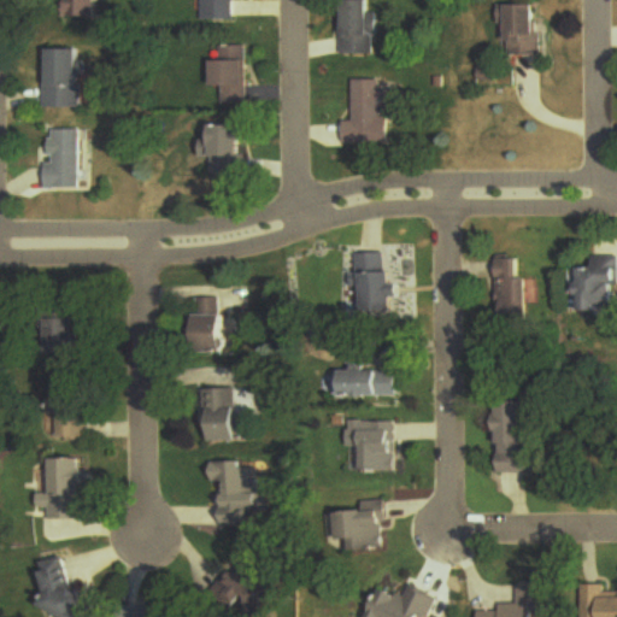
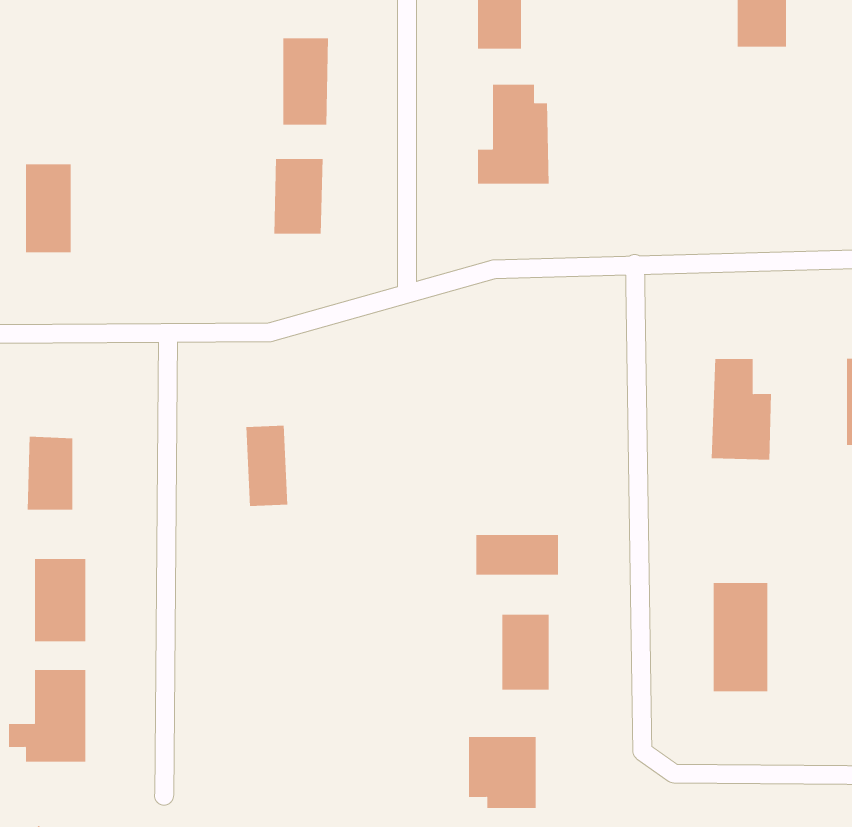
building: [41,48,75,108] -> none
building: [348,252,395,315] -> none
building: [201,388,241,441] -> none
building: [205,460,251,527] -> none

